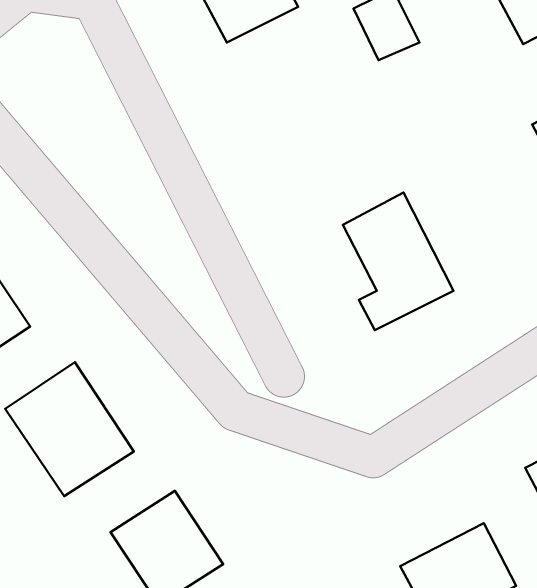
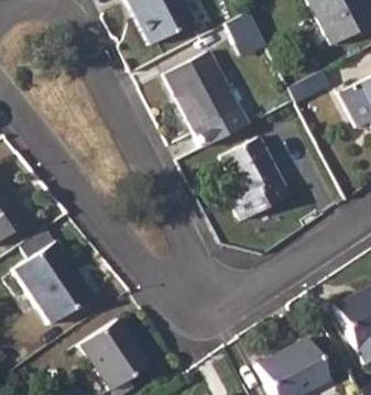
building: none -> [165,52,248,147]

